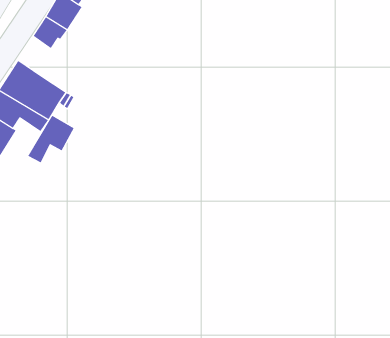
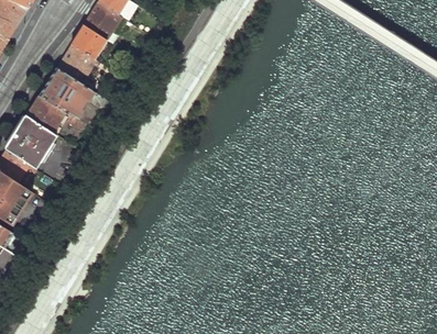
building: none -> [56,45,94,84]
building: [28,115,75,163] -> none

